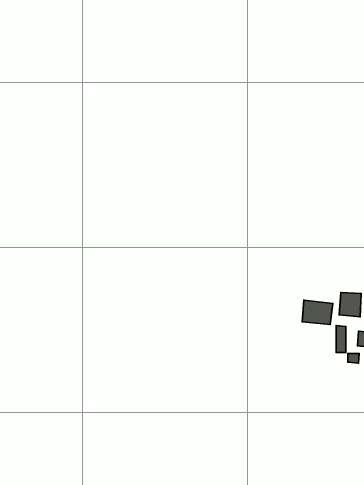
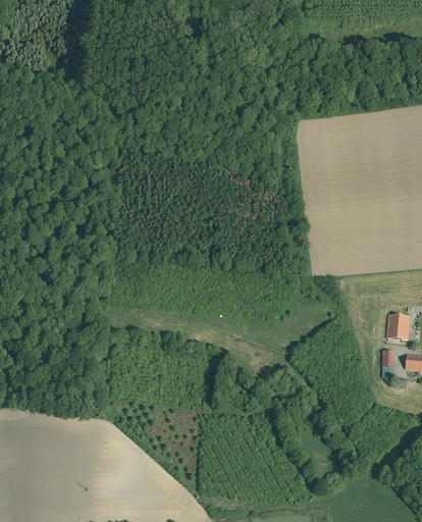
building: [302,300,333,324] -> none

